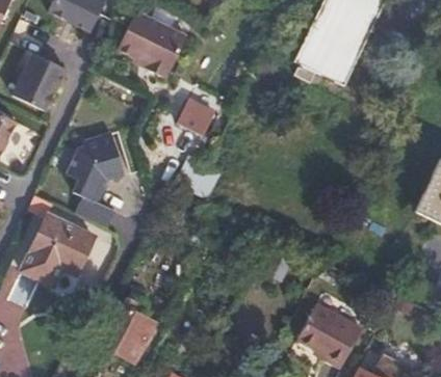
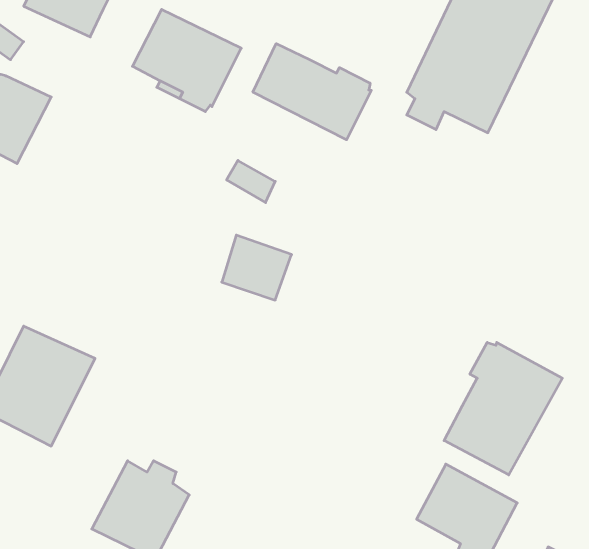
building: none -> [253,44,371,140]
building: [64,134,121,228] -> none
building: none -> [444,342,562,475]

